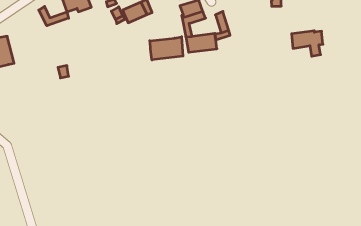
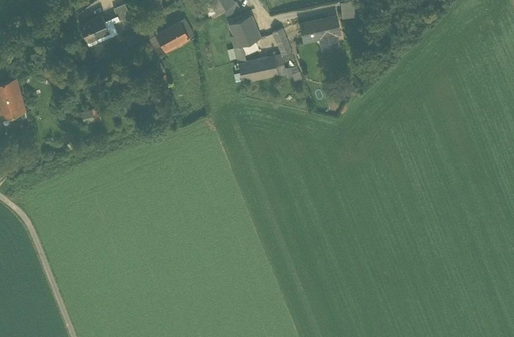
building: [39,6,69,26] -> none
building: [292,31,323,56] -> [300,18,340,50]
building: [150,37,183,60] -> none

